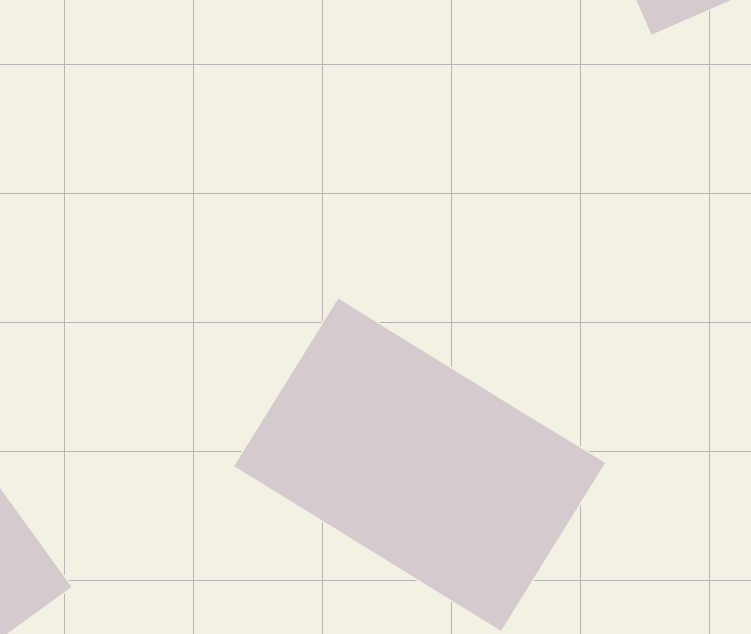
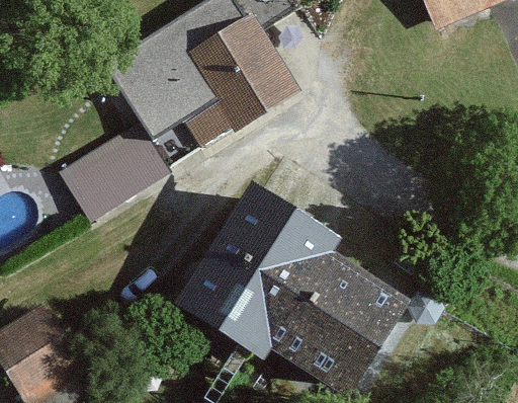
building: none -> [156,18,286,146]
building: none -> [63,122,172,221]

